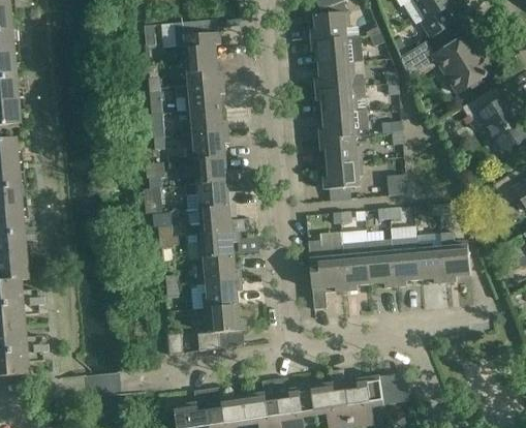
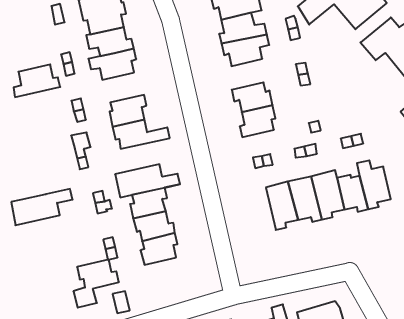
building: [179,108,227,136] -> [14,64,60,97]
building: [318,111,368,140] -> none
building: [185,181,249,211] -> [11,189,73,225]
building: [307,241,345,310] -> none
building: [196,306,245,351] -> [73,260,119,308]

